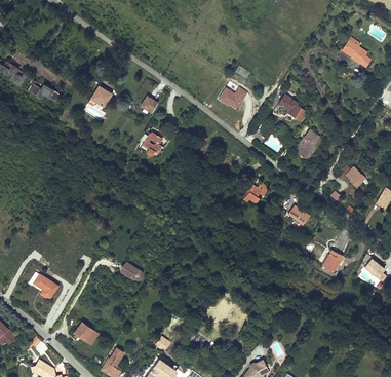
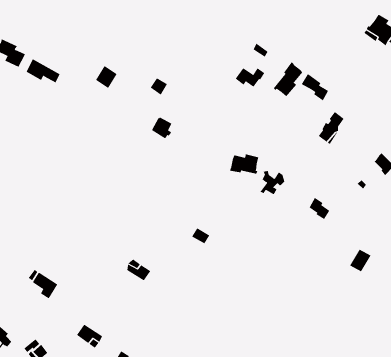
building: none -> [273,61,303,97]
building: none -> [229,154,259,174]

